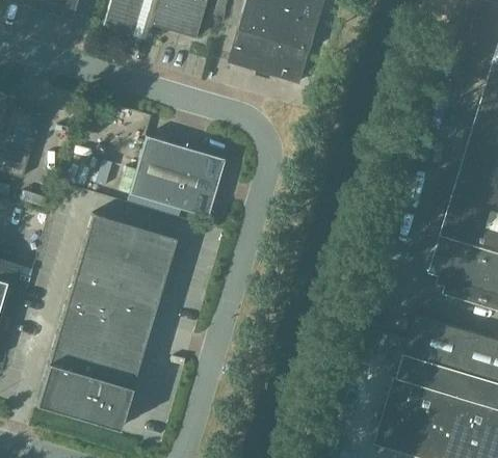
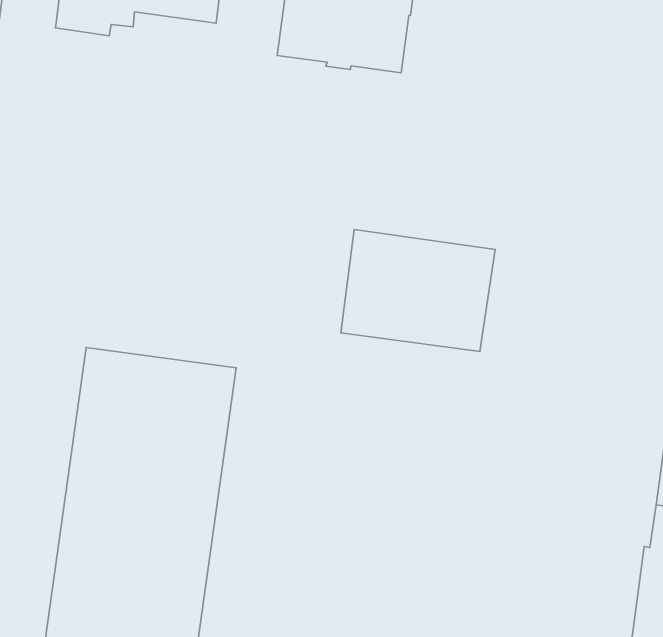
building: [131,136,227,217] -> [341,229,495,352]

